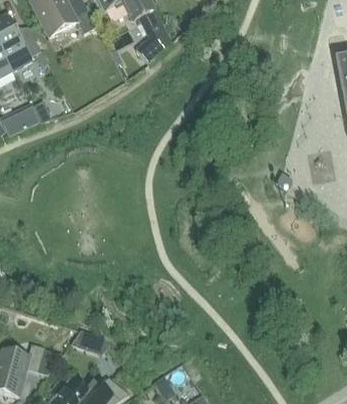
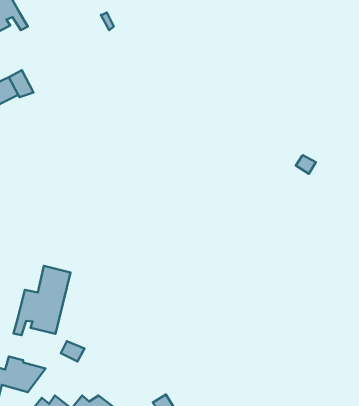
building: none -> [14,266,70,335]

